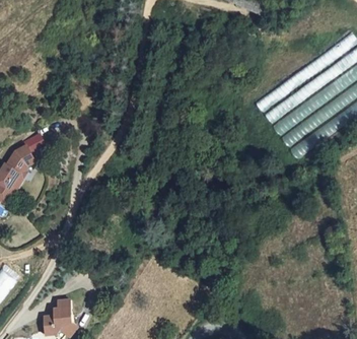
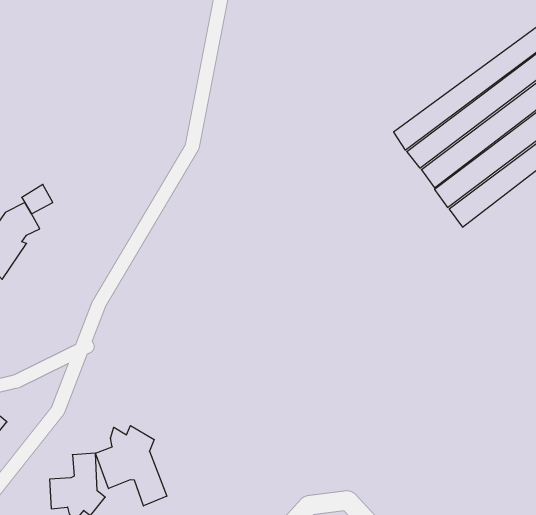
building: none -> [95,426,167,506]

